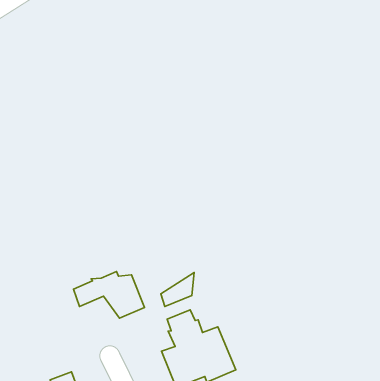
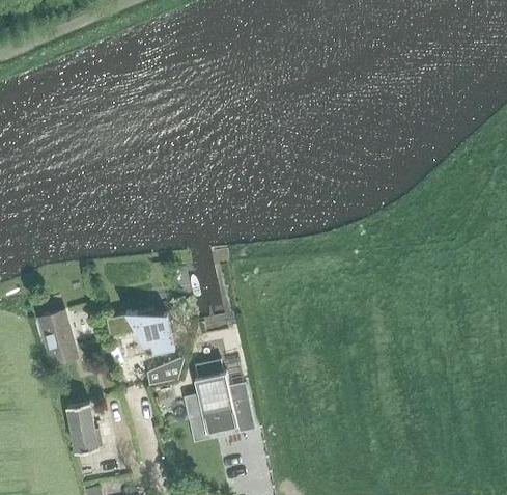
building: [161,272,194,306] -> [146,356,184,385]
building: none -> [38,310,77,364]

